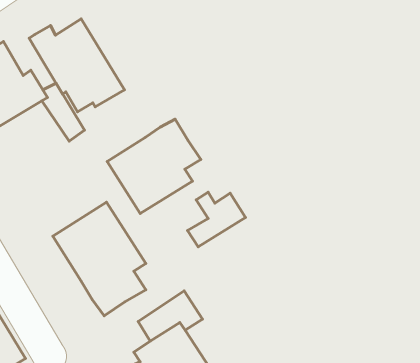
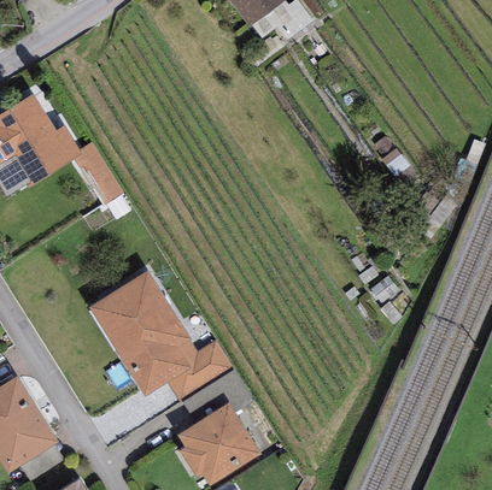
building: [29,19,124,112] -> none
building: [107,119,201,214] -> none
building: [187,192,245,247] -> [166,338,230,399]

